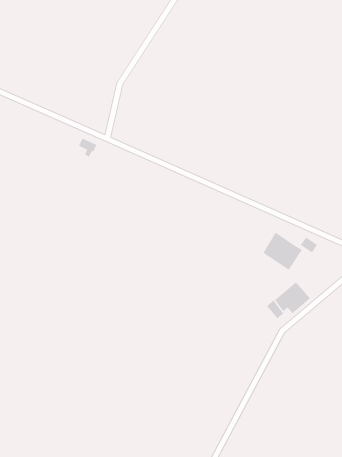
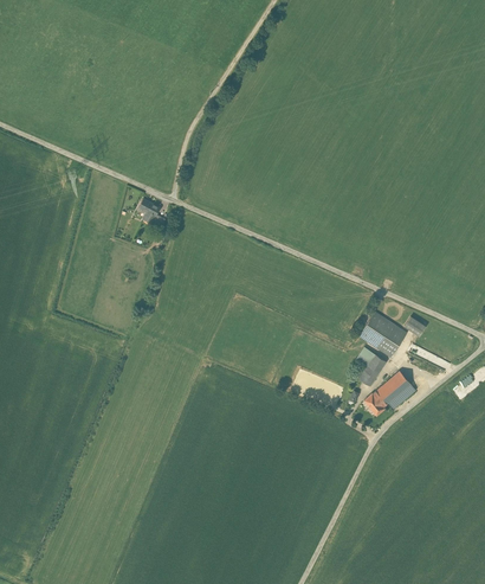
building: none -> [355,348,384,386]

